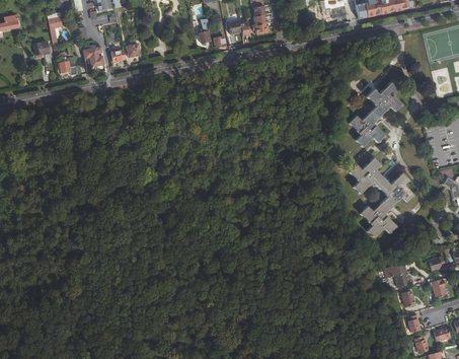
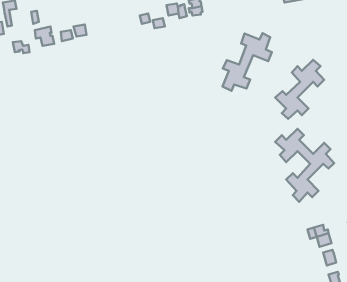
building: none -> [223,33,272,91]

